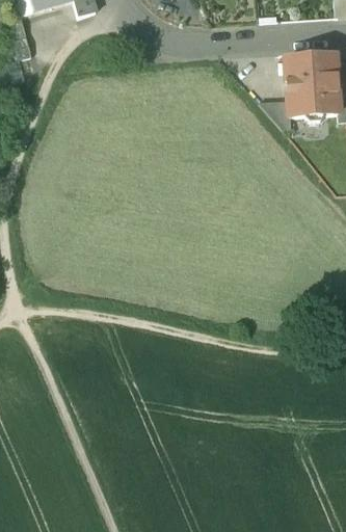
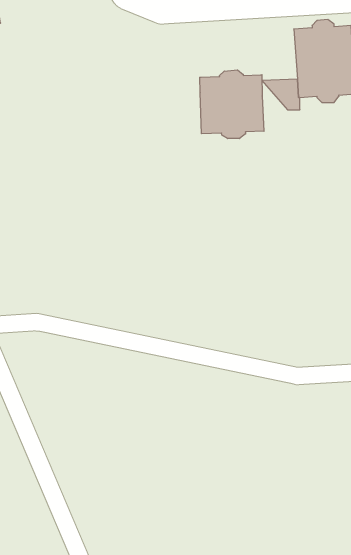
building: none -> [200,70,264,139]

